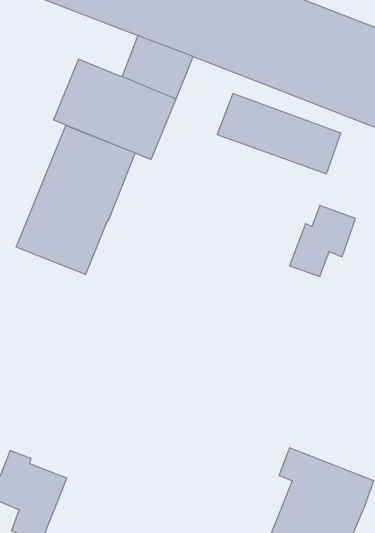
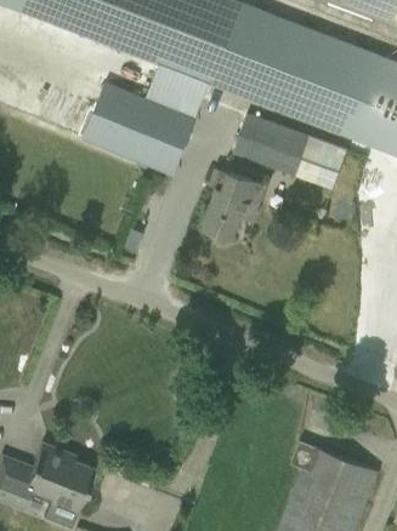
building: [16,125,135,275] -> none
building: [290,205,355,277] -> [203,172,263,238]

